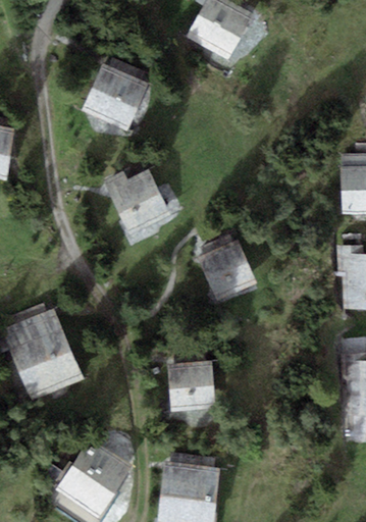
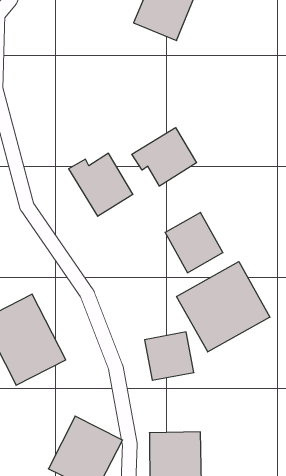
building: [82,64,147,129] -> none
building: none -> [132,128,197,186]
building: none -> [177,262,270,352]

